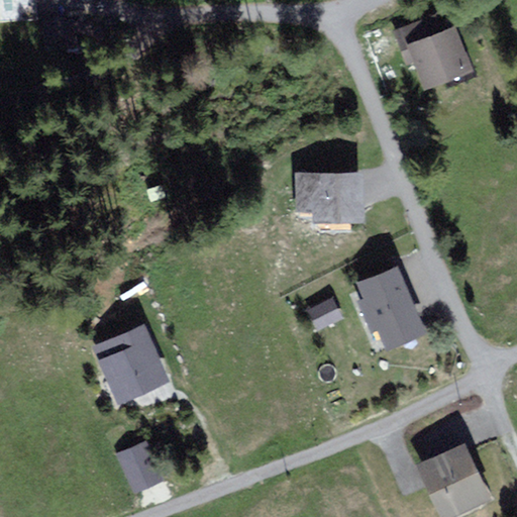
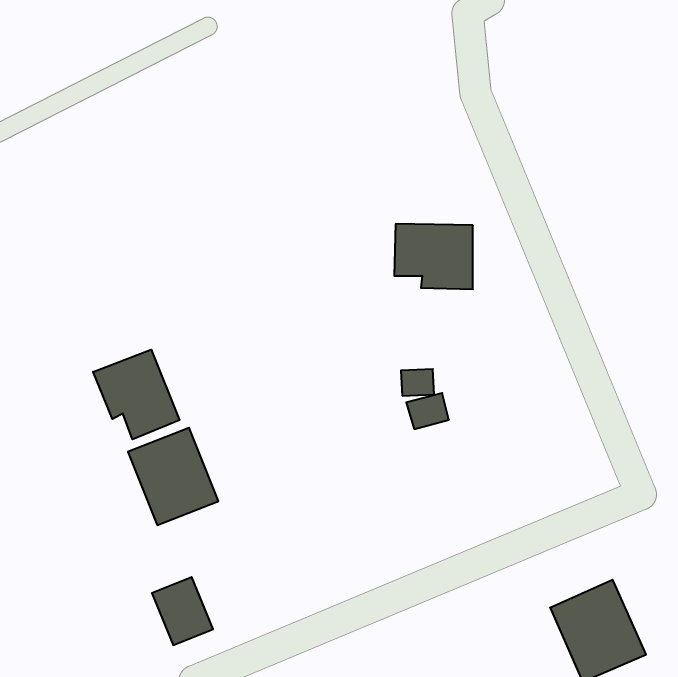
building: [394,21,471,91] -> none
building: [357,267,424,348] -> none
building: none -> [93,350,180,439]

